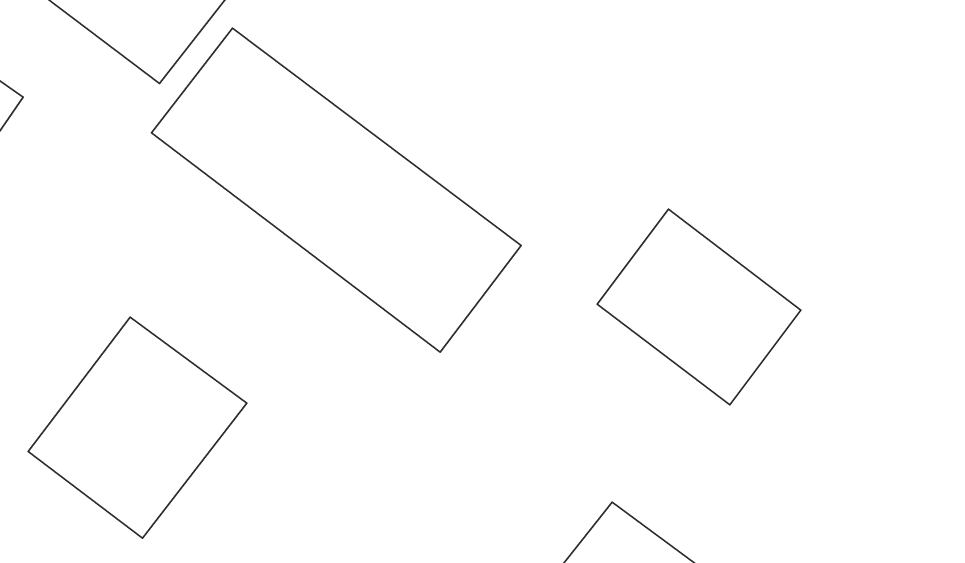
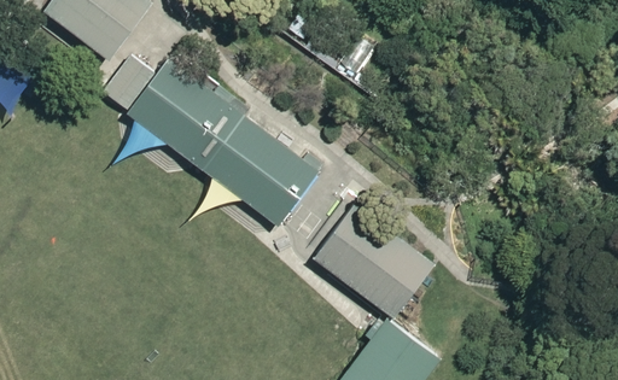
building: [597,209,801,405] -> [310,199,435,318]
building: [28,317,247,538] -> none

